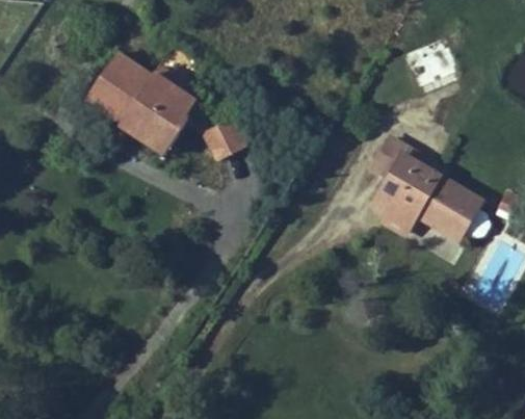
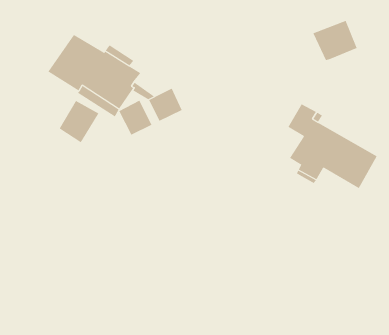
building: none -> [119,100,152,135]
building: none -> [59,100,99,143]

